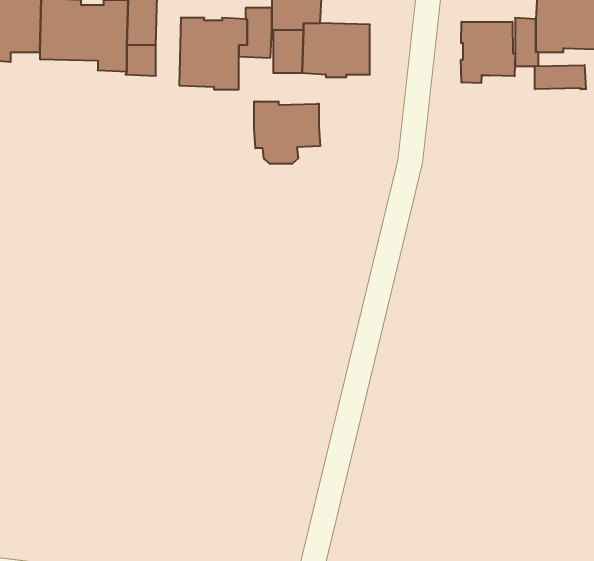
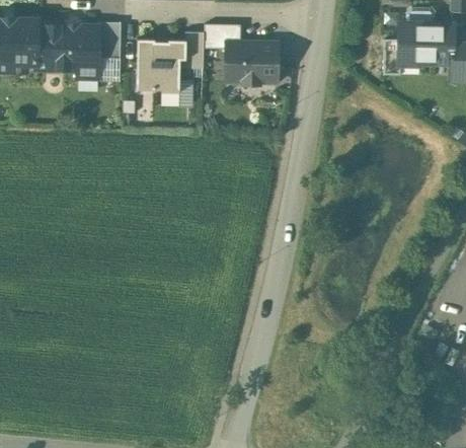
building: [461,22,515,83] -> none
building: [535,65,586,89] -> none
building: [254,101,320,164] -> none

